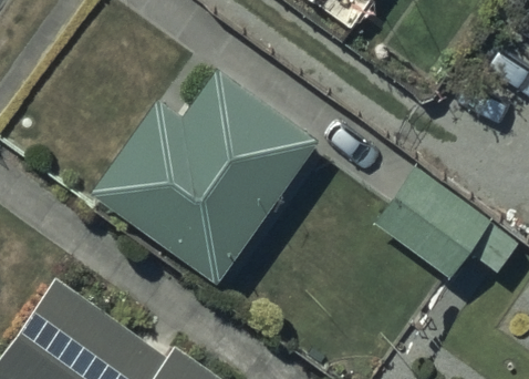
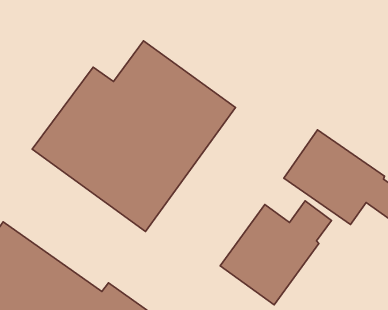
building: none -> [220,201,331,305]

